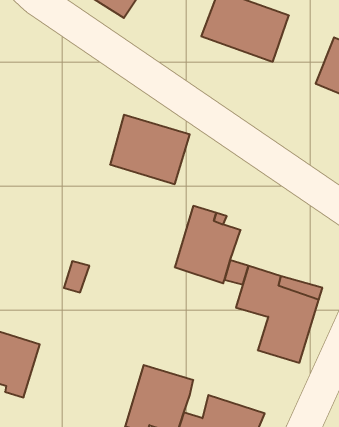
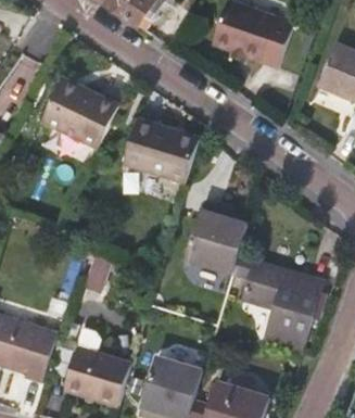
building: none -> [45,73,119,141]
building: none -> [64,328,130,405]

